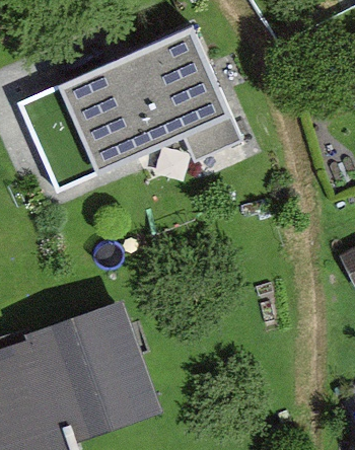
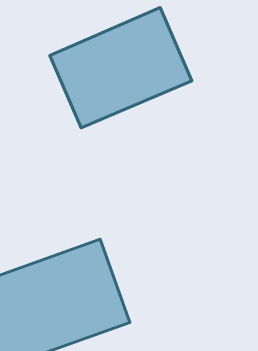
building: [17,82,103,192] -> none

